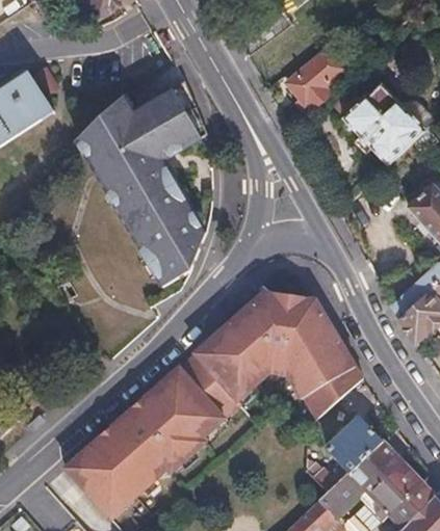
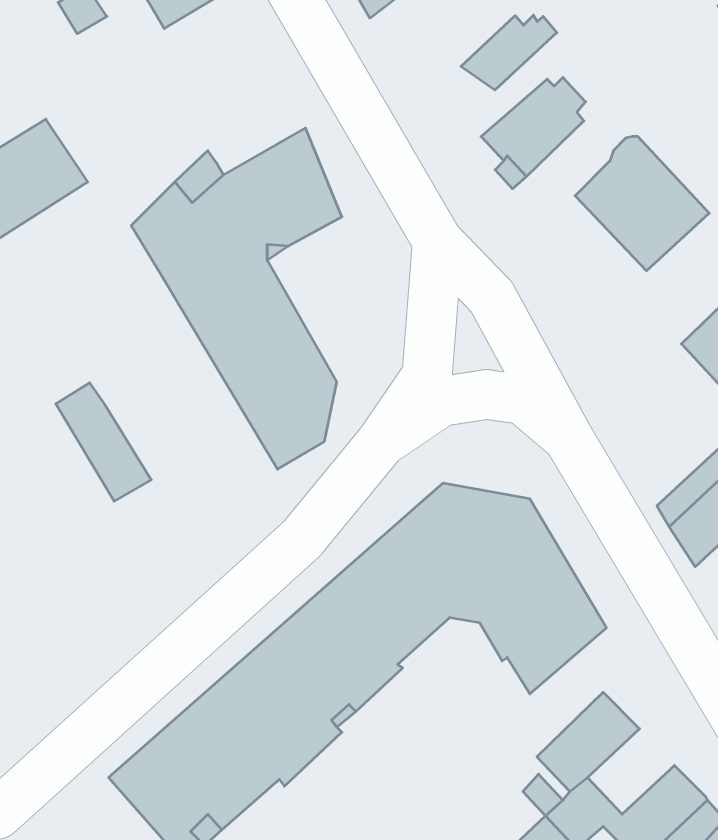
building: none -> [461,15,557,90]
building: none -> [56,383,151,501]
building: [352,439,404,489] -> none

